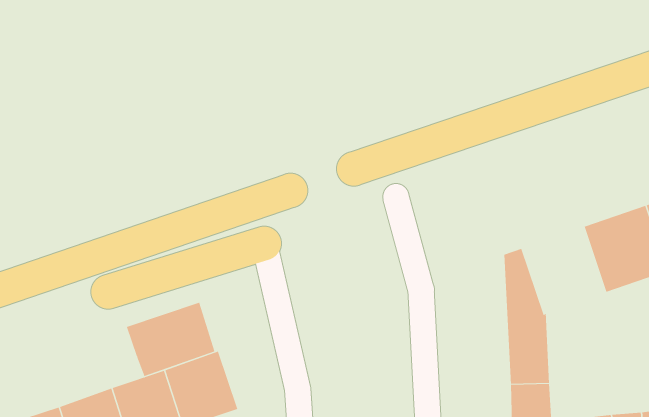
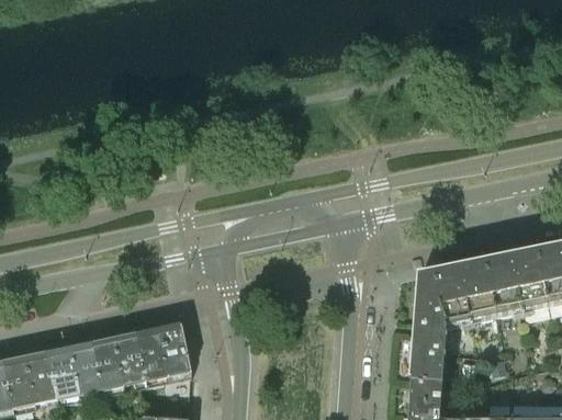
building: none -> [435,260,497,326]
building: [126,302,215,377] -> none

